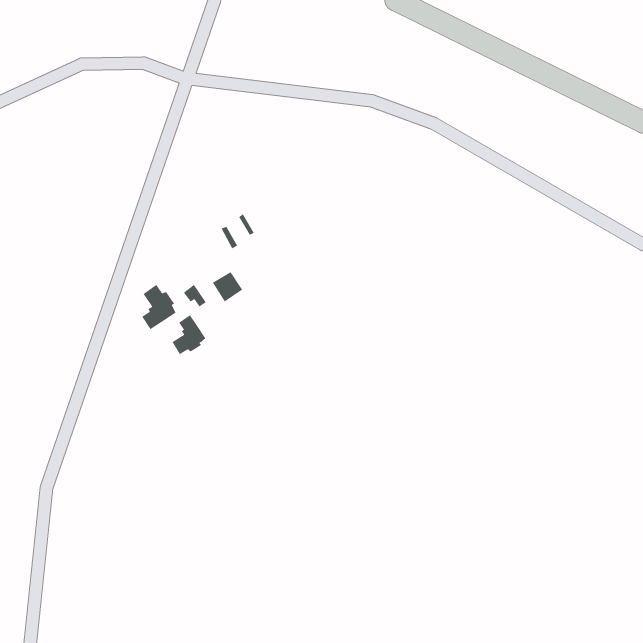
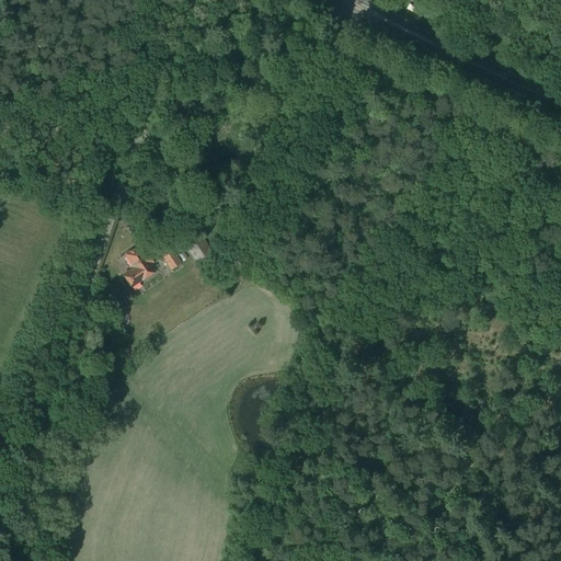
building: [171,314,206,355] -> none

